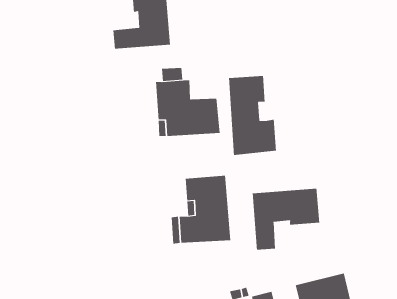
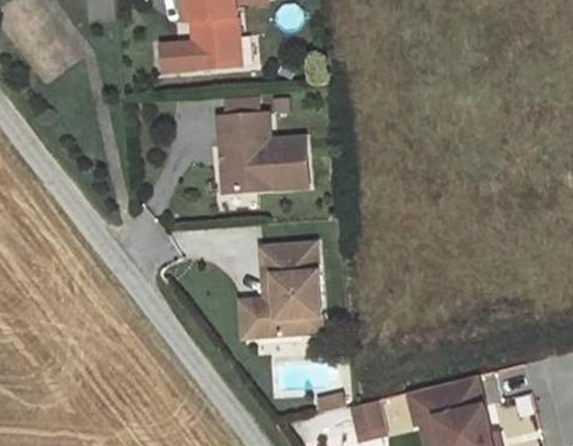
building: [228,75,277,156] -> none
building: [252,188,320,250] -> none

